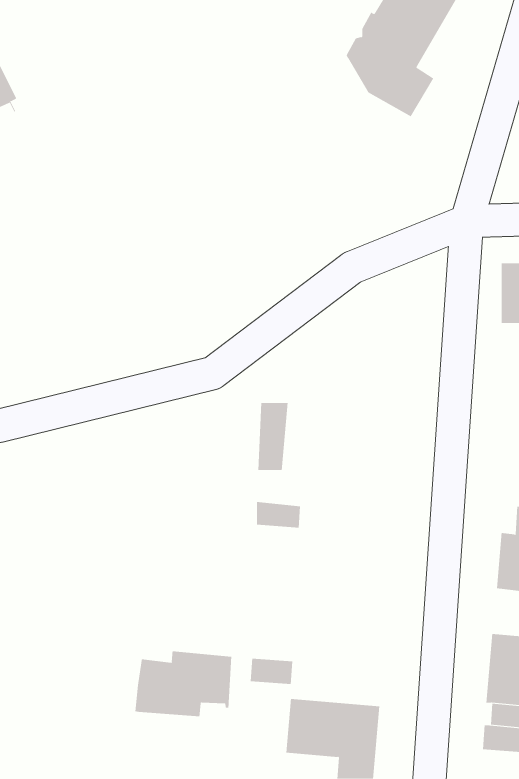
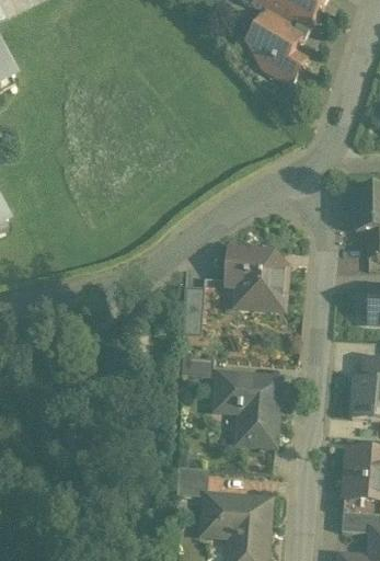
building: none -> [226,250,285,308]
building: none -> [216,374,279,446]
building: [135,651,232,717] -> none

